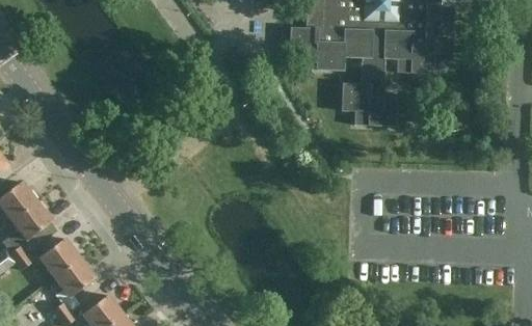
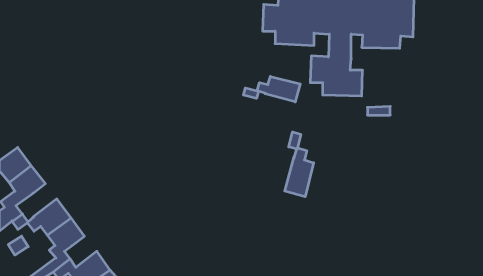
building: none -> [243,76,300,102]
building: none -> [285,132,314,197]

